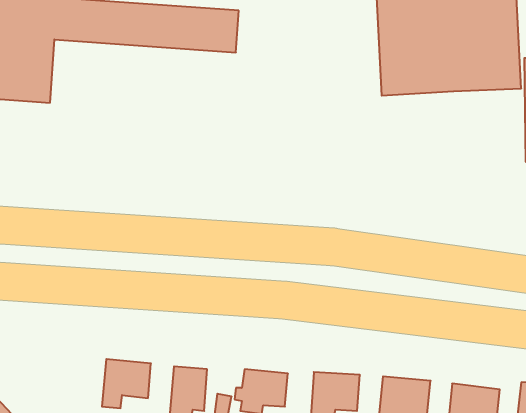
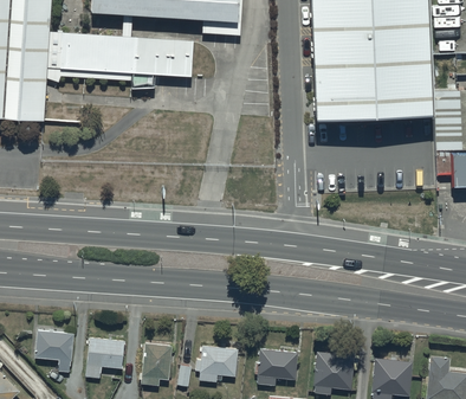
building: none -> [35,329,76,371]

